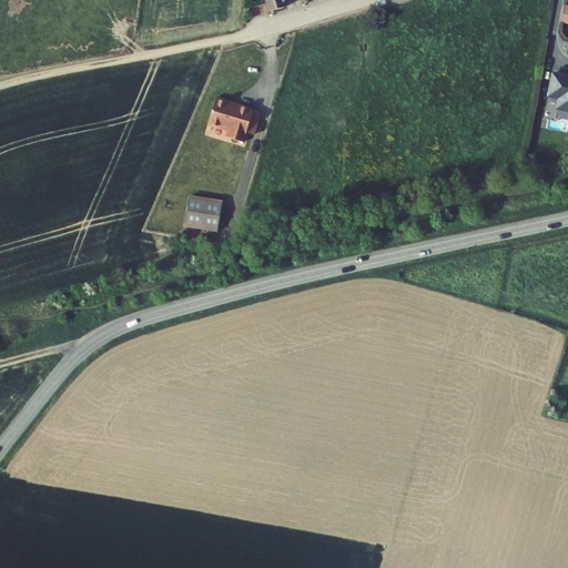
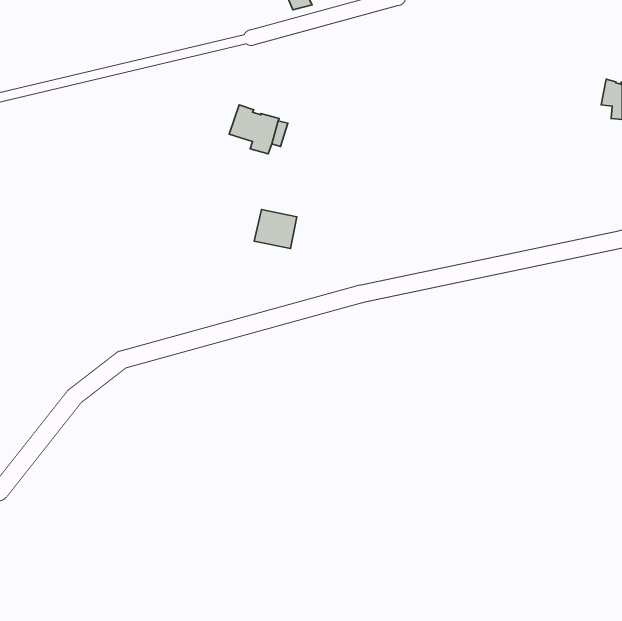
building: [183,195,222,231] -> [254,209,297,249]

